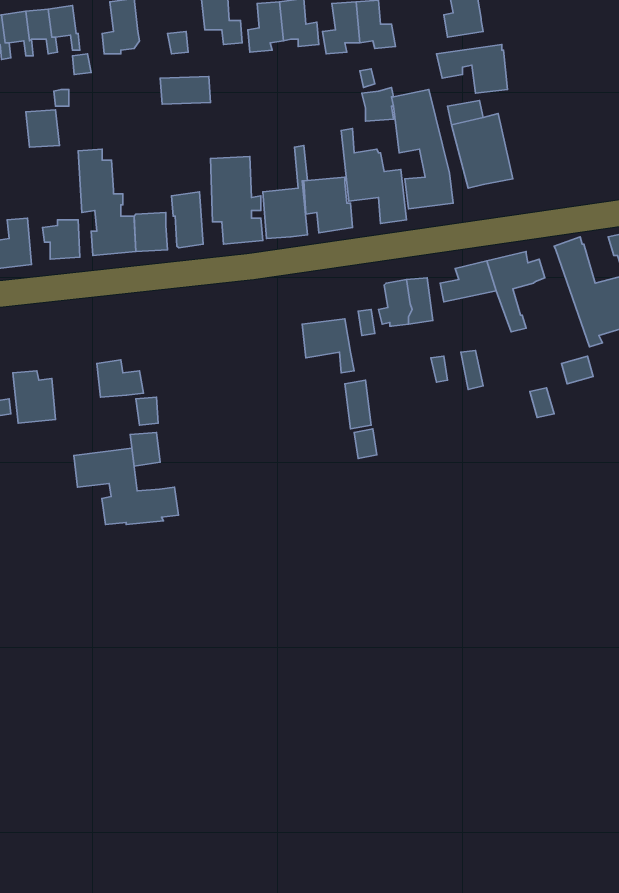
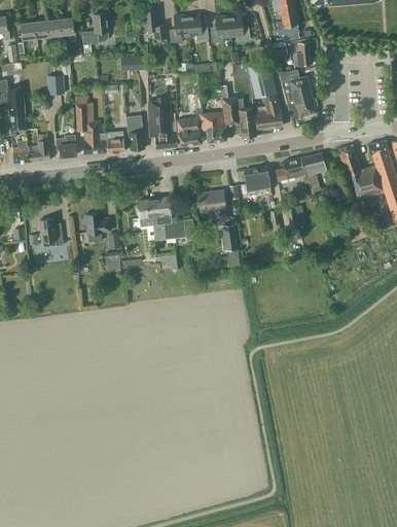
building: [74,448,178,525] -> [137,197,194,239]

